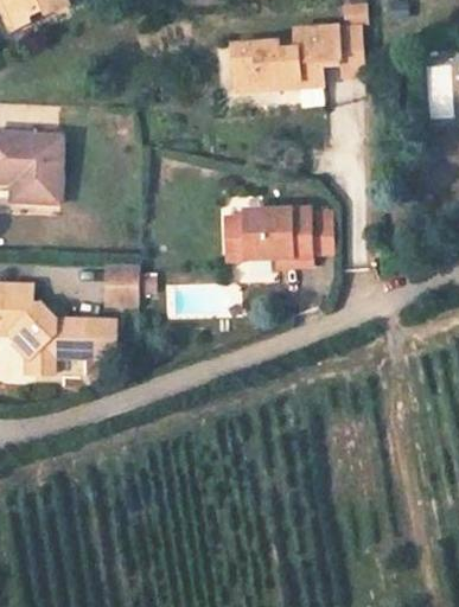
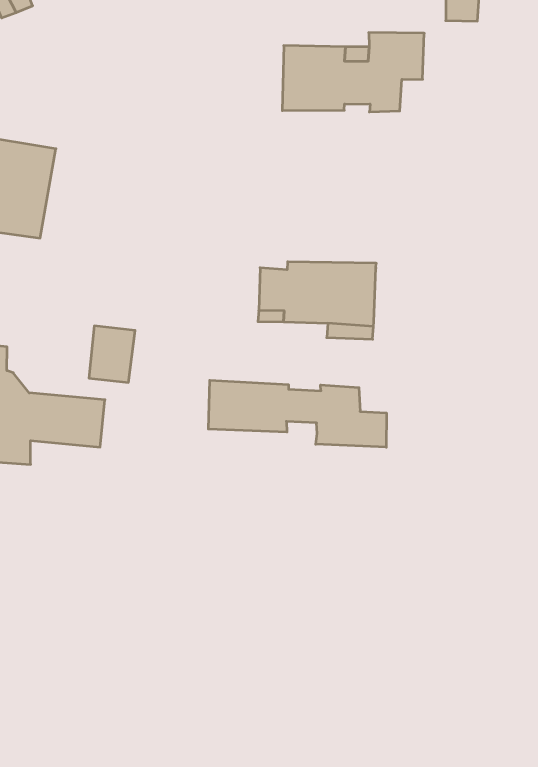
building: [331,27,364,65] -> none
building: [307,207,334,249] -> none
building: none -> [208,380,386,447]

